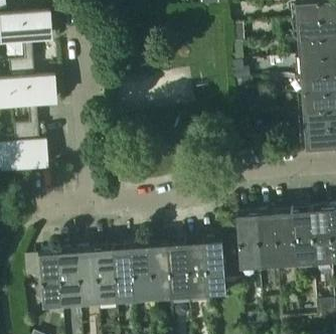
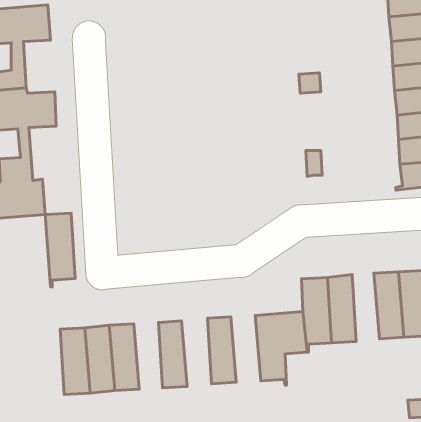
building: [275,213,295,264] -> none
building: [185,244,207,294] -> none
building: [149,246,171,297] -> none
building: [114,249,135,299] -> none
building: [40,255,62,309] -> [45,213,75,287]

